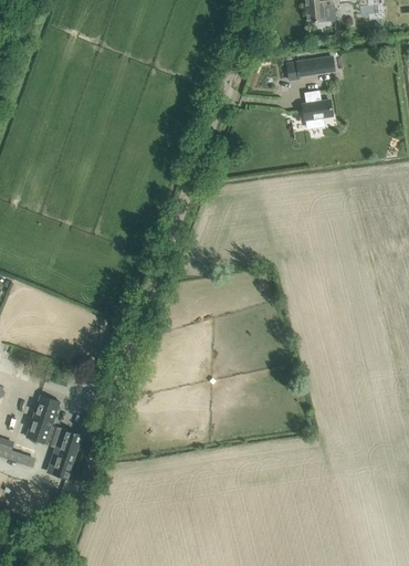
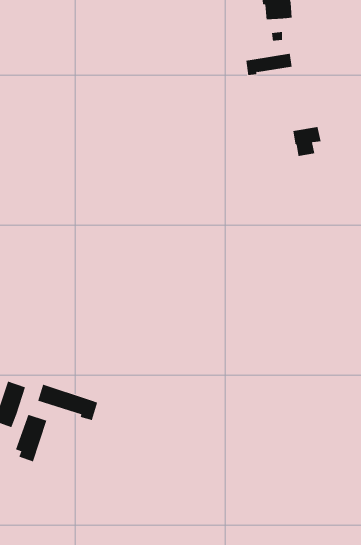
building: [303,99,333,130] -> [293,127,321,157]
building: none -> [37,384,98,421]

